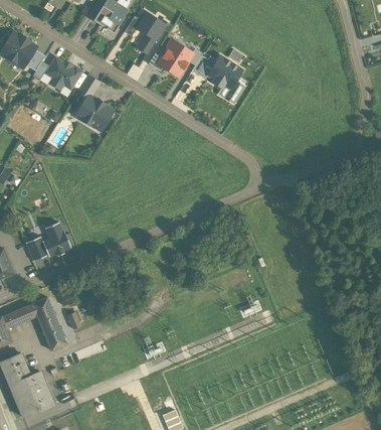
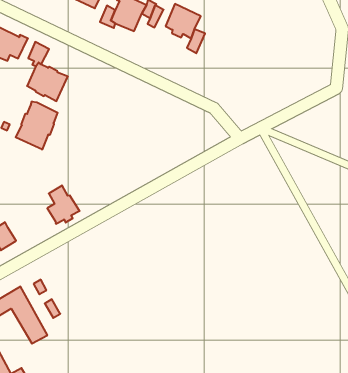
building: none -> [16,101,58,150]
building: [42,222,71,256] -> [47,185,80,224]

